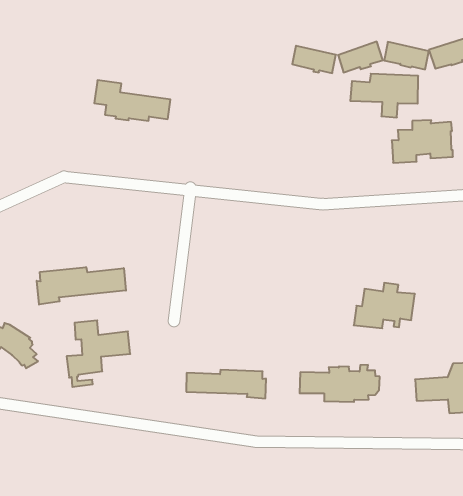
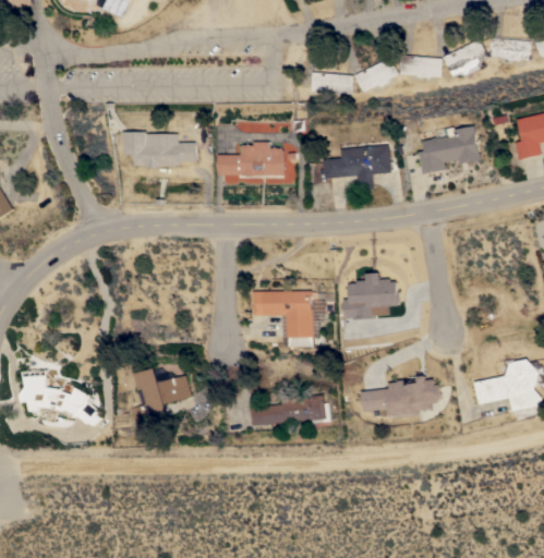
building: [350,74,418,117] -> [324,145,391,190]
building: none -> [218,142,285,175]
building: none -> [254,291,313,350]
building: [37,267,126,305] -> none
building: [354,283,415,328] -> [344,274,400,319]

